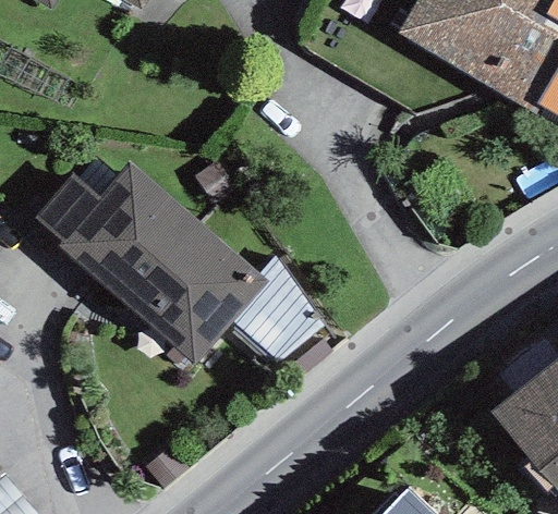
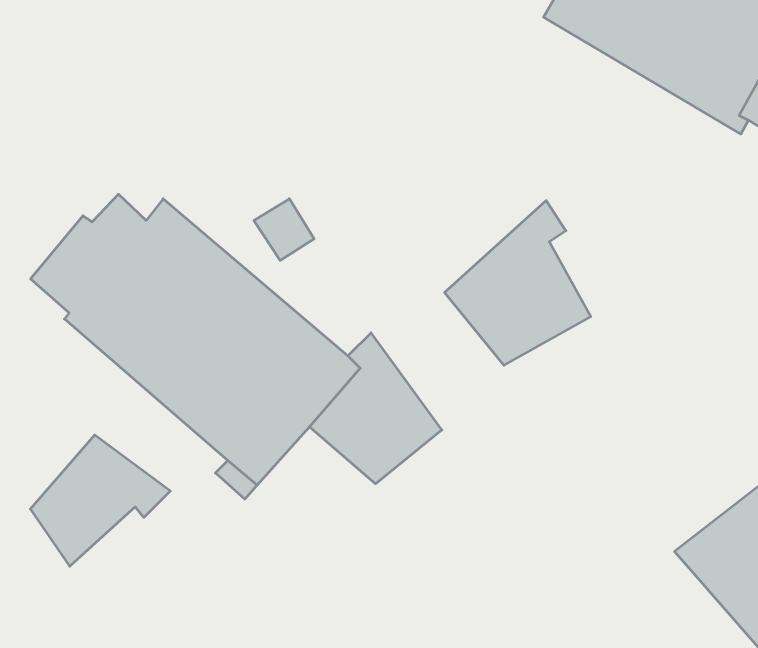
building: none -> [445,201,591,365]
building: none -> [30,435,170,566]

